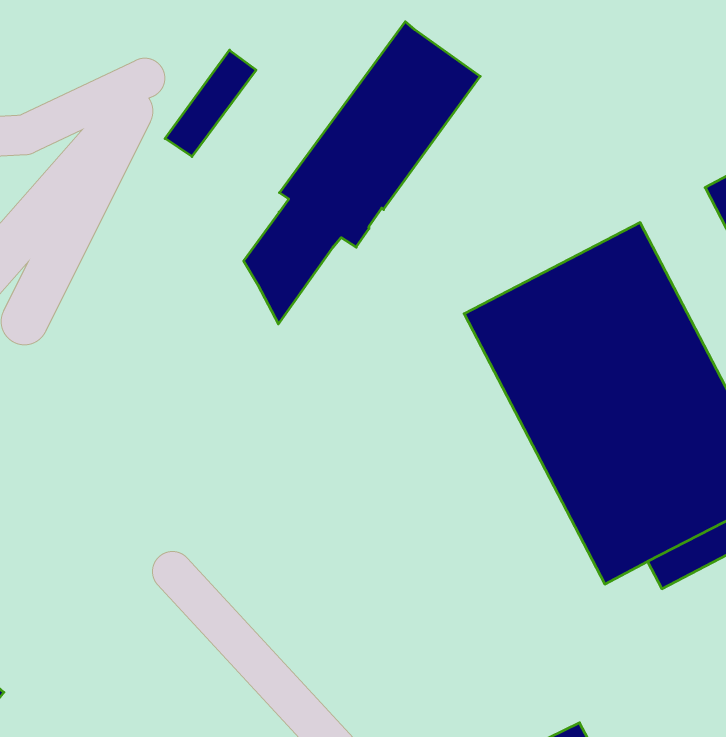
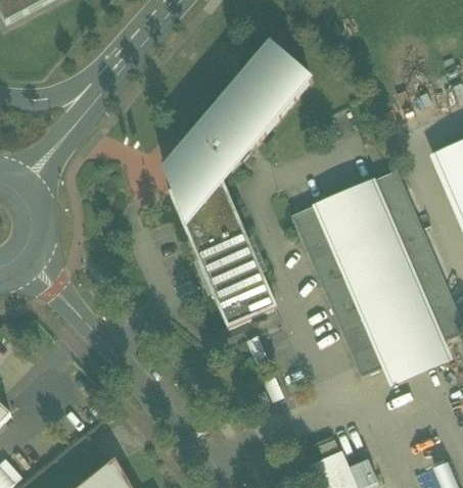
building: [165,50,256,157] -> none
building: none -> [169,169,277,326]

